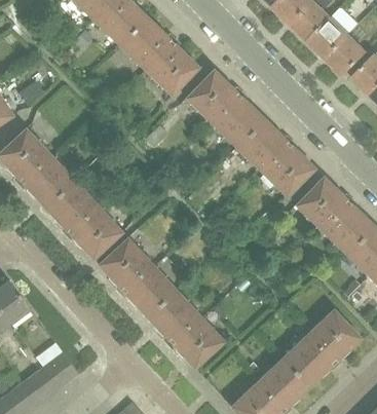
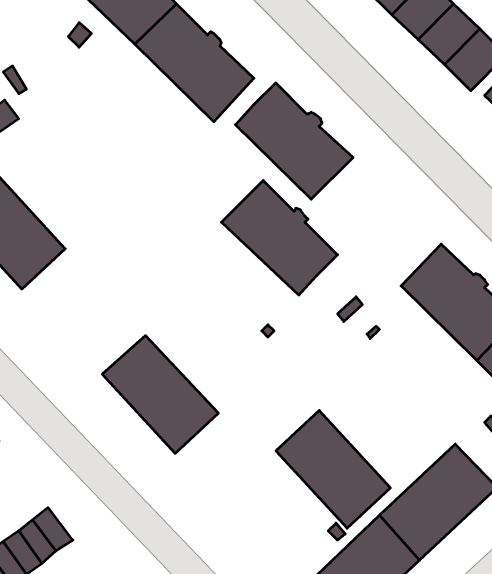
building: [236,120,313,196] -> [221,180,338,295]
building: [44,181,120,259] -> none
building: [146,290,222,368] -> [276,410,390,528]

